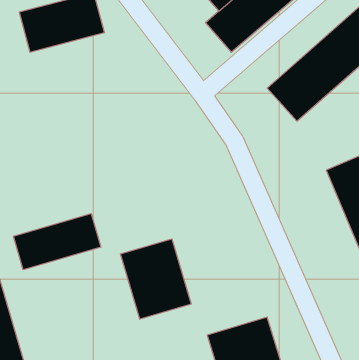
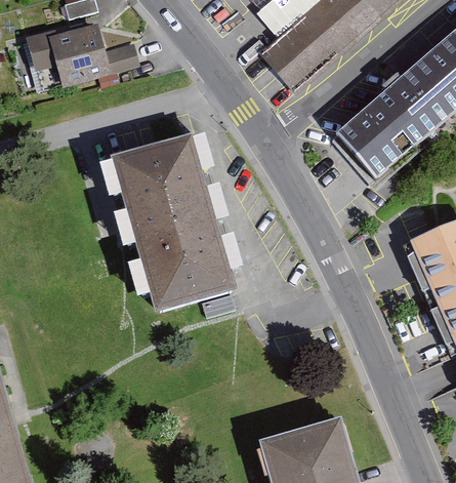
building: none -> [114,137,233,310]
building: [13,214,101,270] -> none
building: [120,239,191,319] -> none

